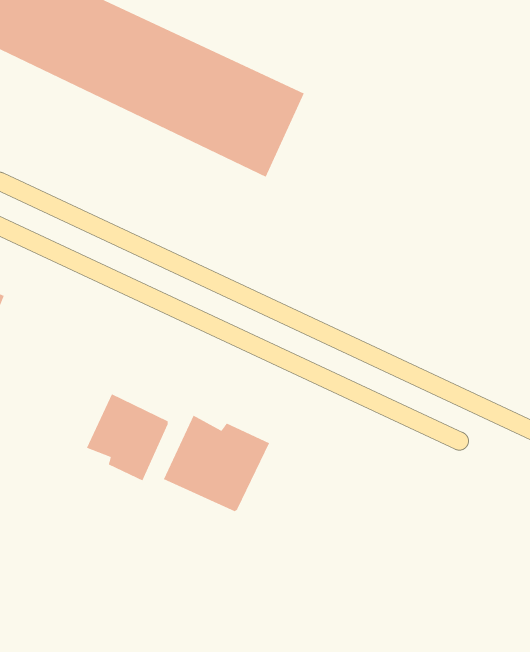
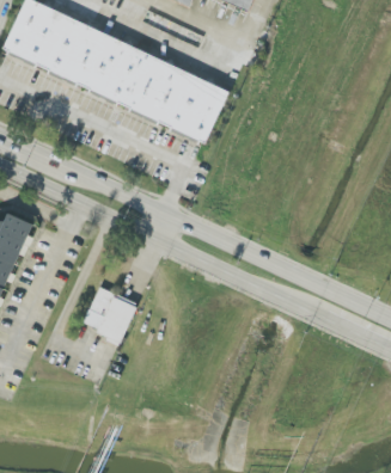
building: [163,414,270,512] -> none

